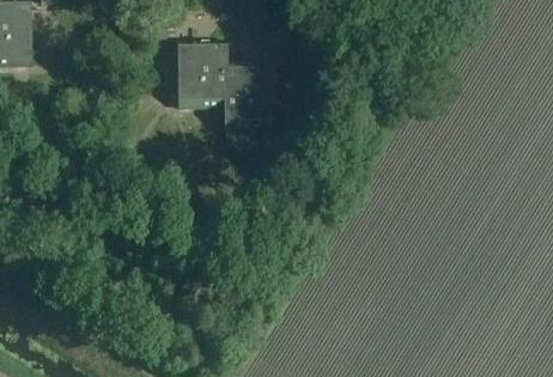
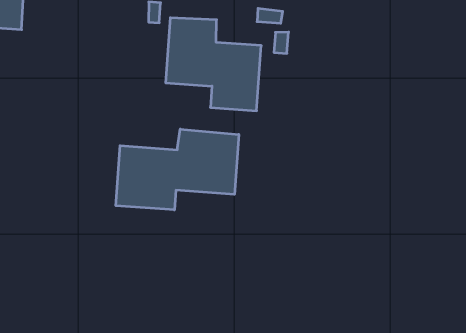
building: none -> [116,129,239,210]

